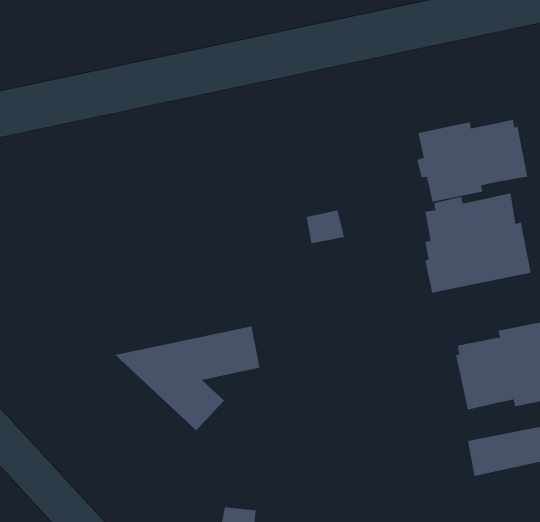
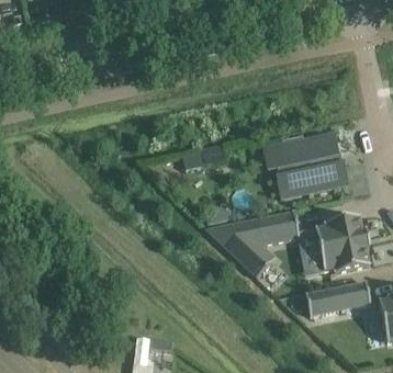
building: [417,119,528,202] -> none
building: [115,326,261,431] -> [204,208,299,276]

